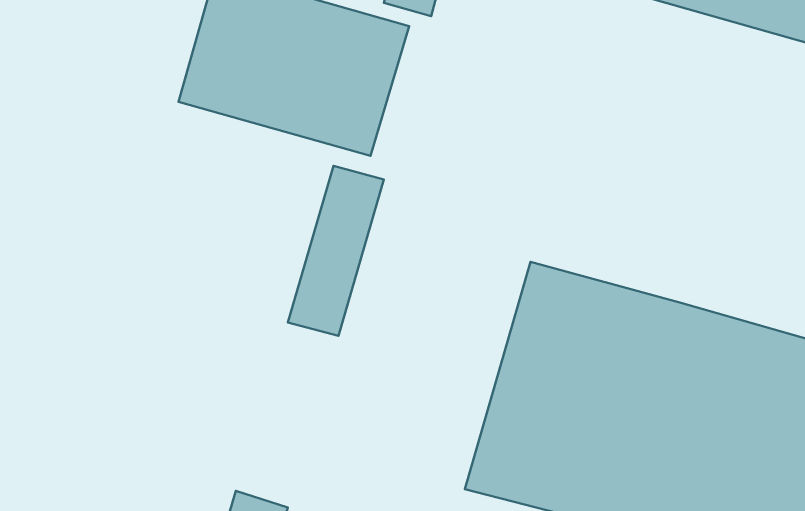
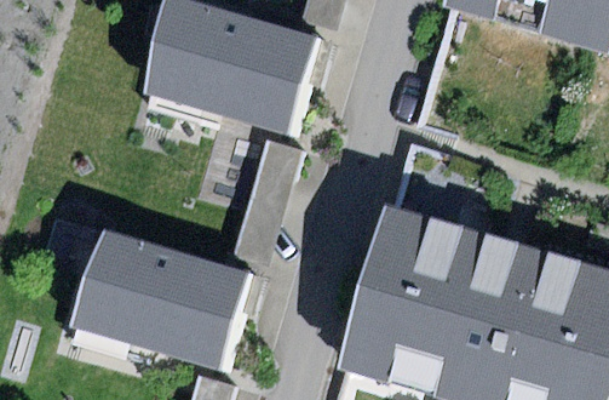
building: none -> [76,234,247,367]

